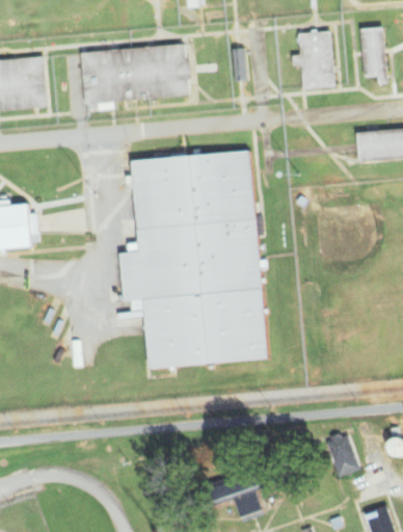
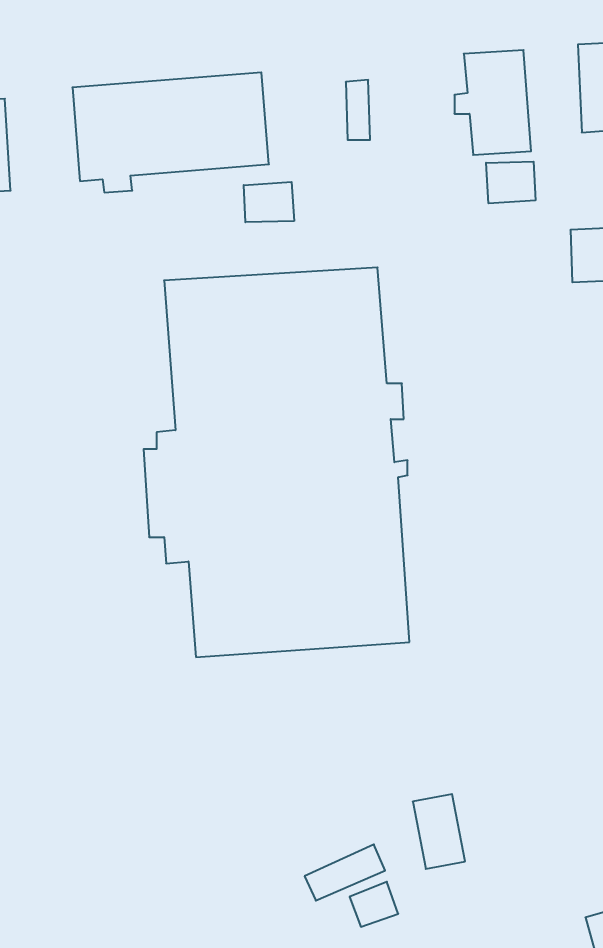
building: none -> [486,162,535,203]
building: none -> [244,182,294,222]
building: [327,433,356,475] -> [413,794,465,869]

